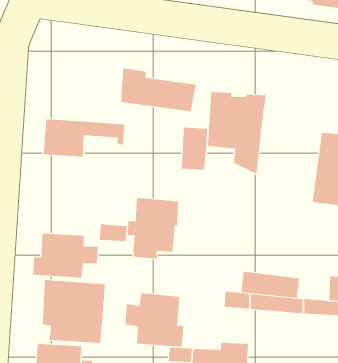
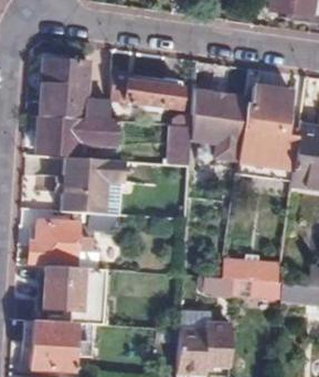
building: none -> [45,63,113,120]
building: none -> [240,87,295,173]
building: [127,198,179,259] -> [57,155,106,213]
building: [125,293,184,348] -> none

